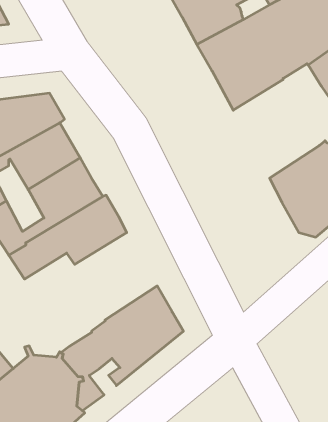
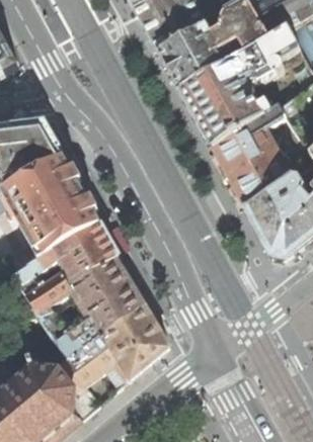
building: none -> [212,102,291,204]
building: none -> [25,253,144,354]

